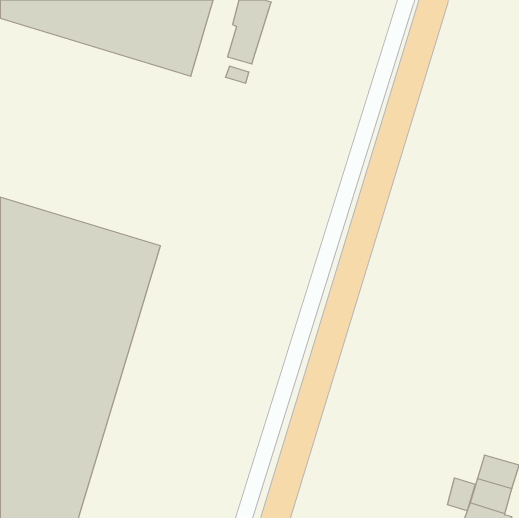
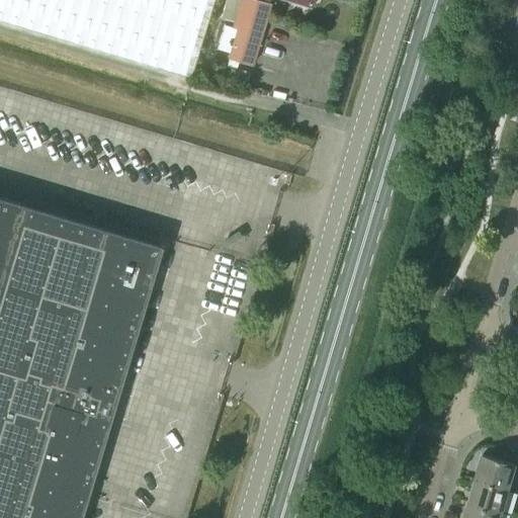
building: [447,478,475,511] -> none

